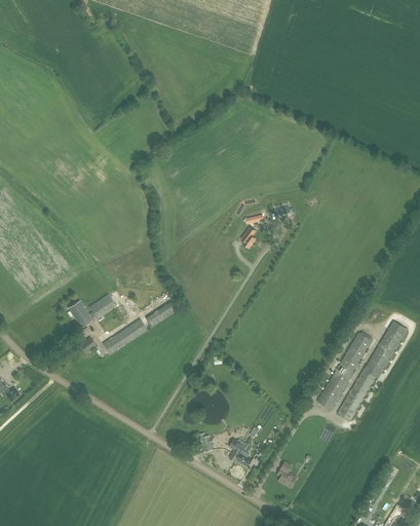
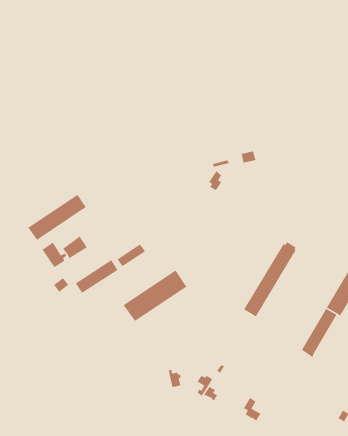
building: none -> [28,194,87,241]
building: none -> [123,269,187,322]
building: [317,330,373,409] -> [243,241,297,317]

